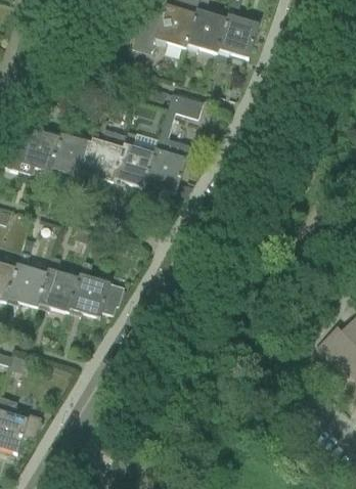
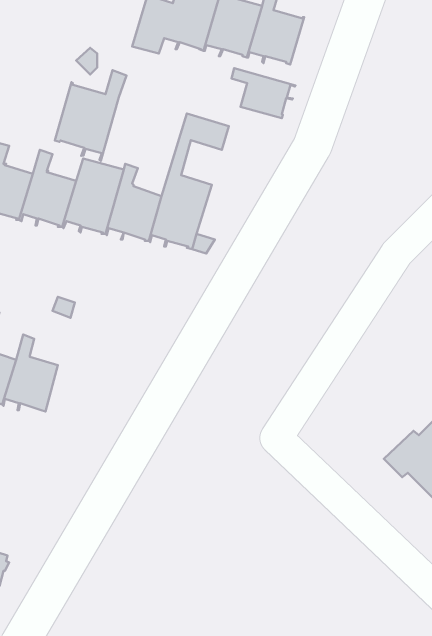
building: none -> [232,68,296,118]
building: none -> [55,70,126,161]
building: [68,260,123,317] -> none

